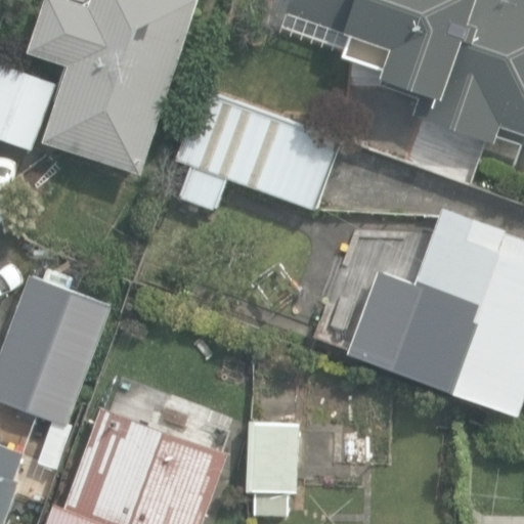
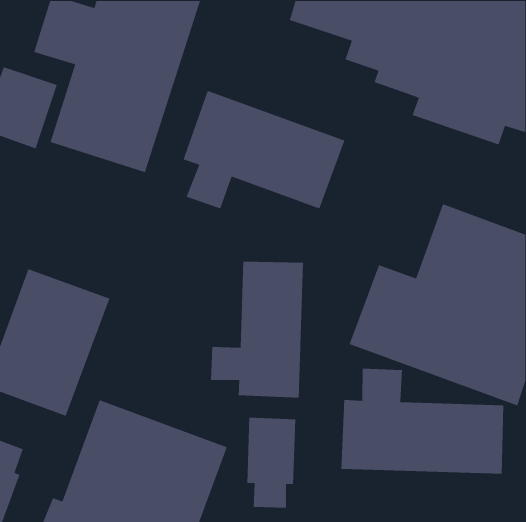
building: none -> [210,261,304,399]
building: none -> [340,368,504,474]

